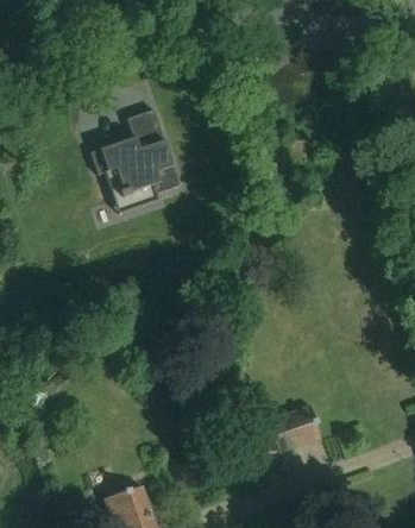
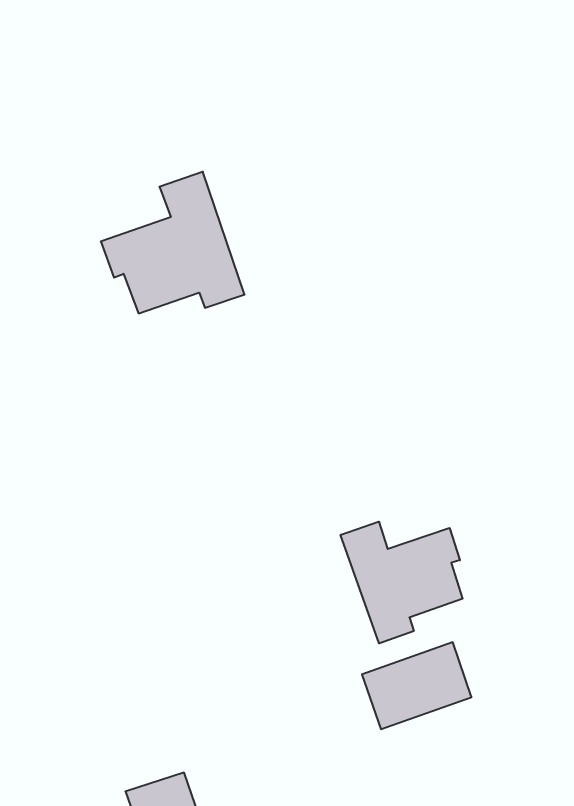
building: none -> [341,522,463,643]

